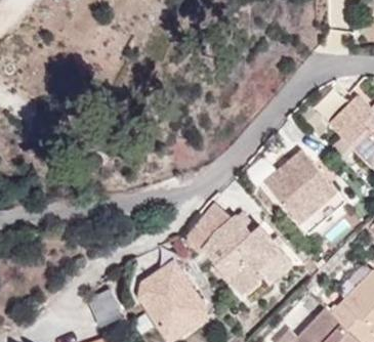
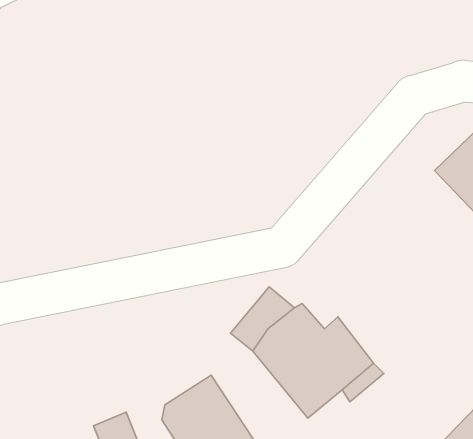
building: [263,147,346,233] -> none

